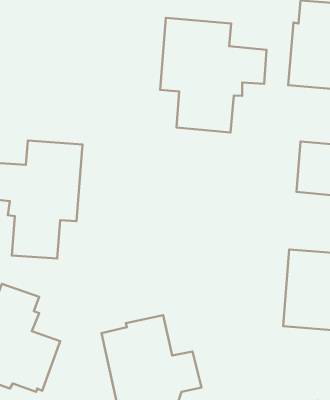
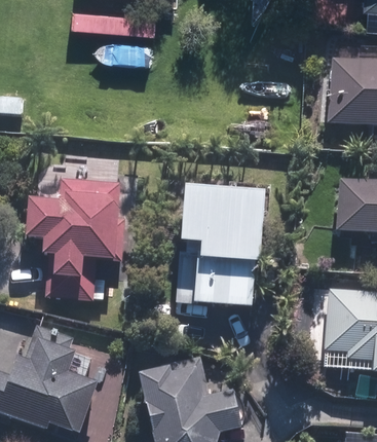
building: [160,18,267,133] -> none
building: none -> [177,188,260,306]

